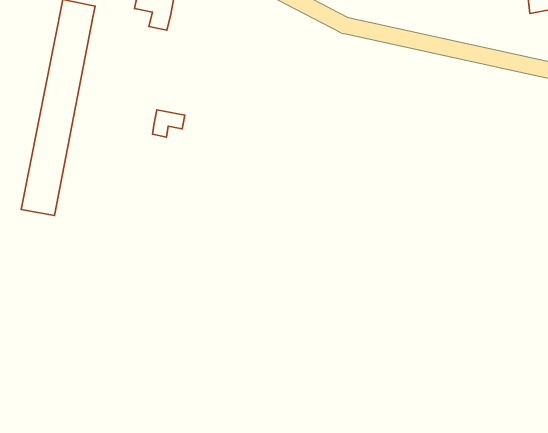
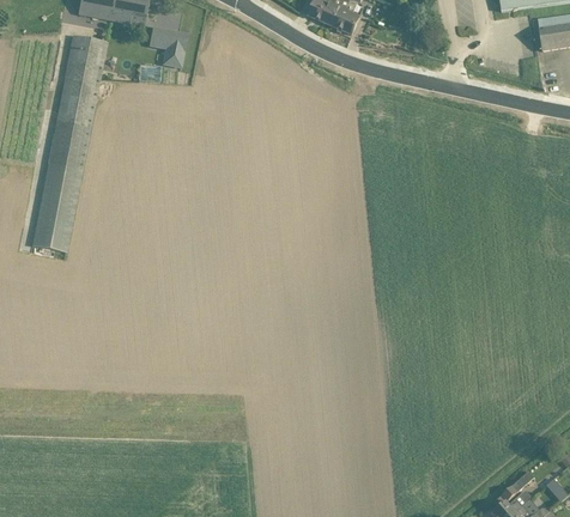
building: [153,110,185,137] -> none

